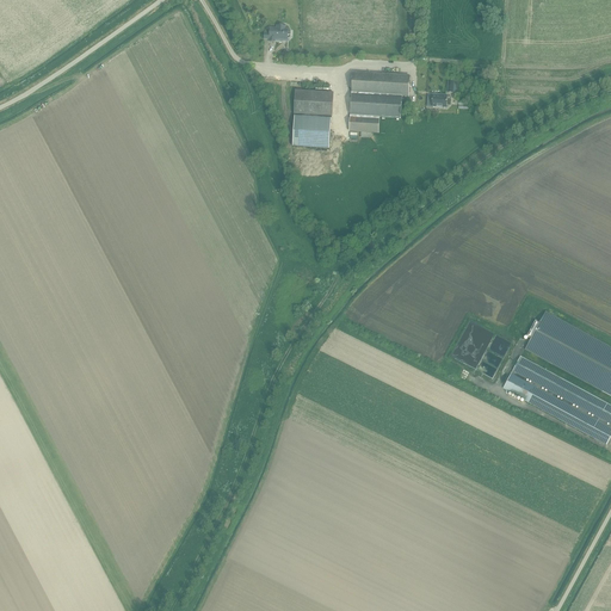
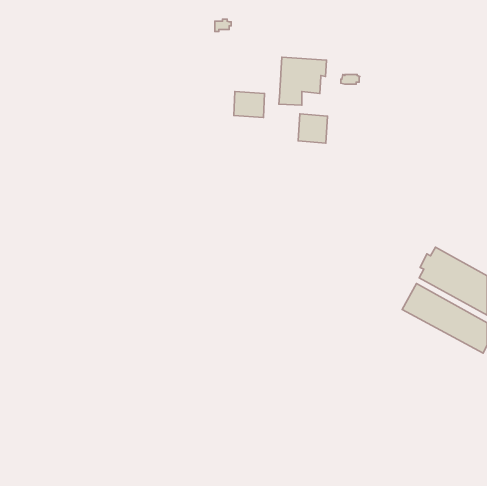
building: [294,90,332,115] -> none
building: none -> [298,114,328,143]

